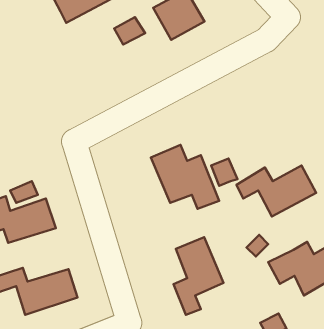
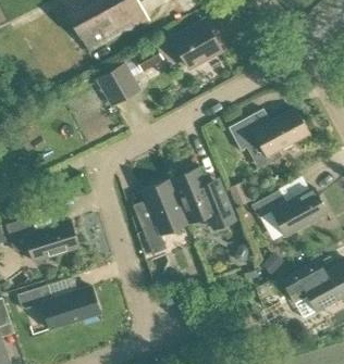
building: none -> [98,63,140,106]
building: none -> [229,108,309,170]
building: [173,237,224,315] -> [140,179,188,253]

